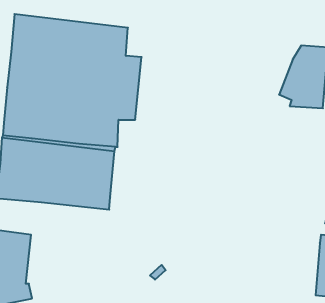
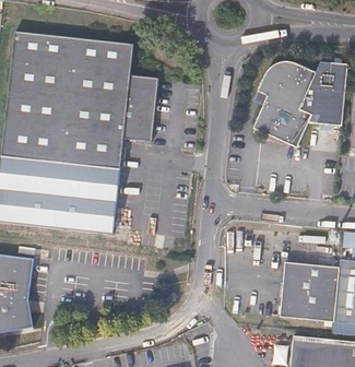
building: none -> [247,68,308,151]
building: none -> [275,262,336,322]

